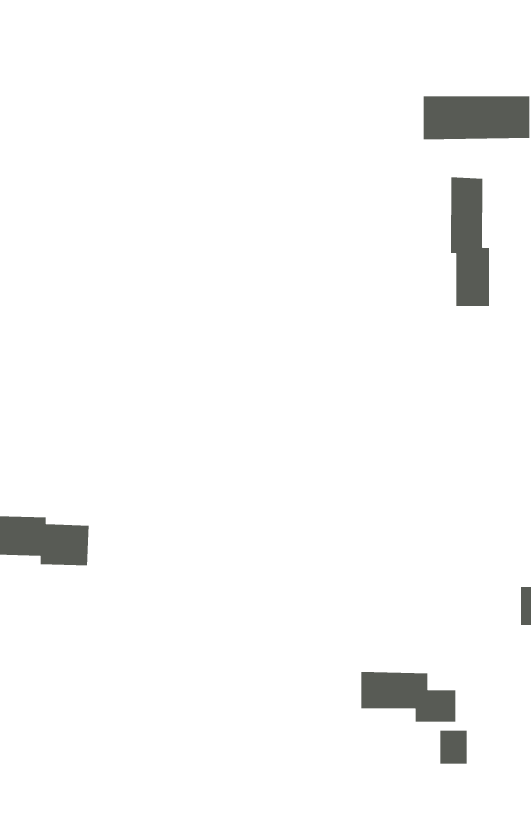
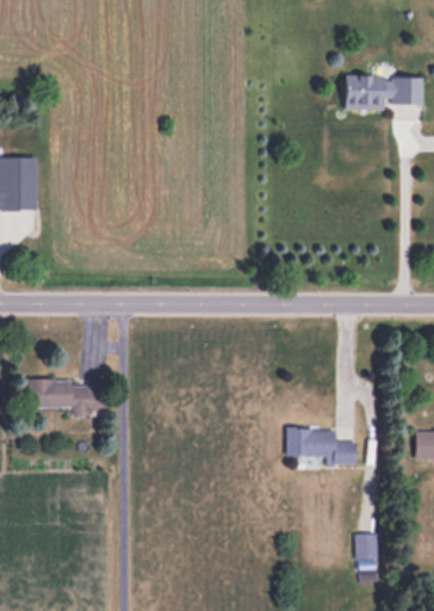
building: [450,177,490,307] -> none
building: [360,671,456,722] -> [287,430,356,467]

